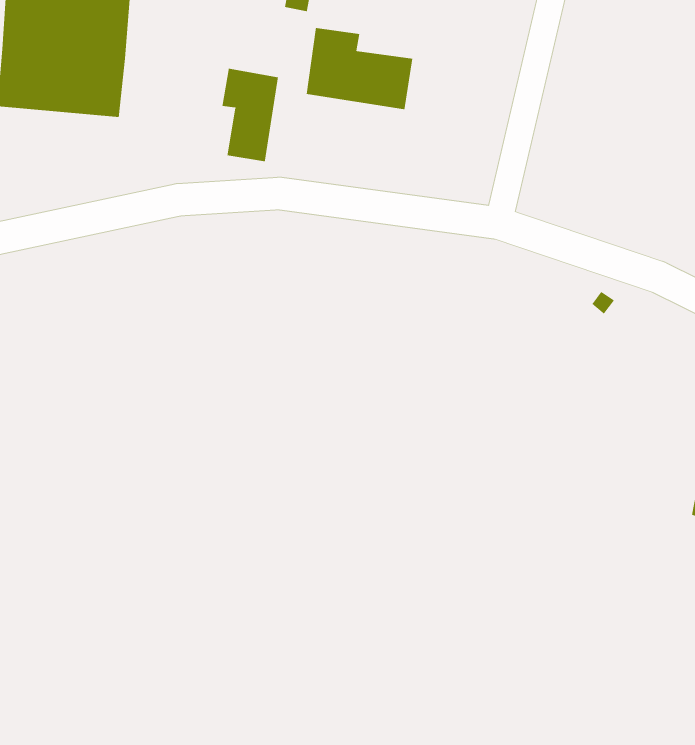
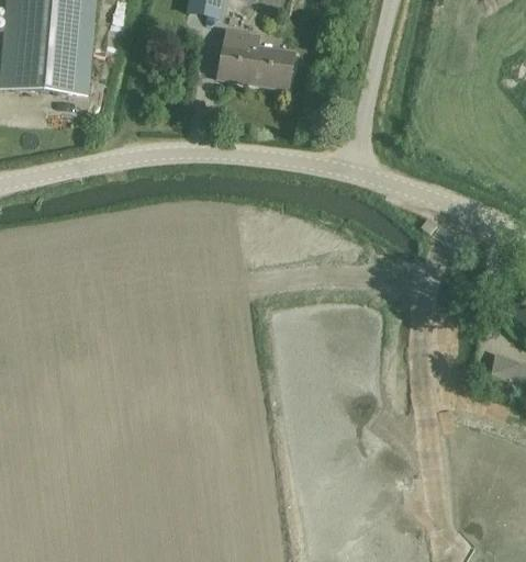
building: [222,68,279,162] -> none

